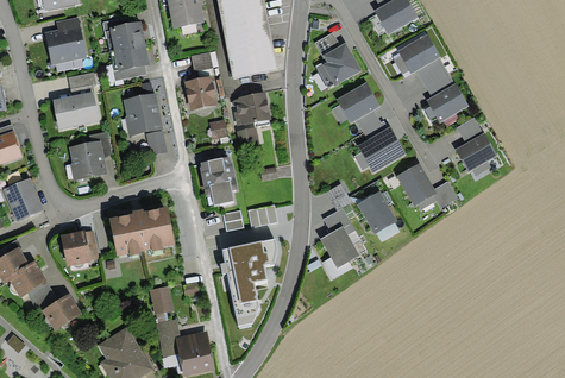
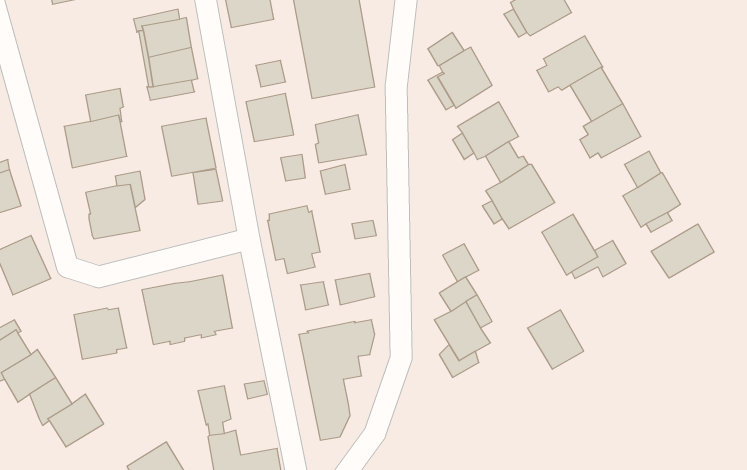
building: [44,17,86,65] -> none
building: none -> [651,224,714,278]
building: [356,191,396,234] -> [527,310,584,369]

